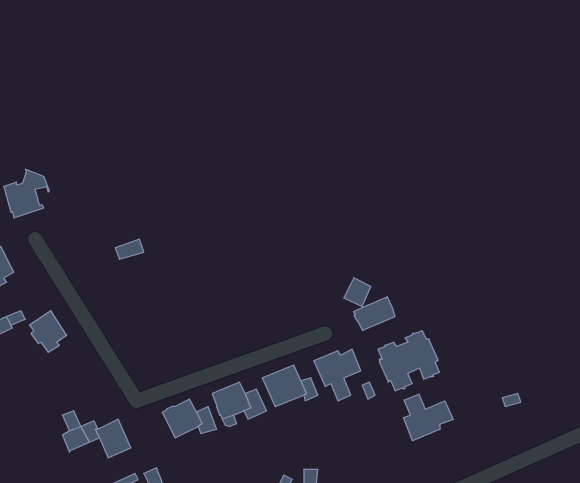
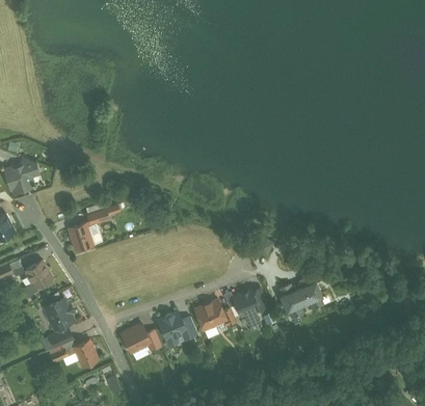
building: none -> [68,222,92,249]
building: [354,297,395,331] -> none
building: none -> [43,298,73,329]
building: [404,394,453,441] -> none

